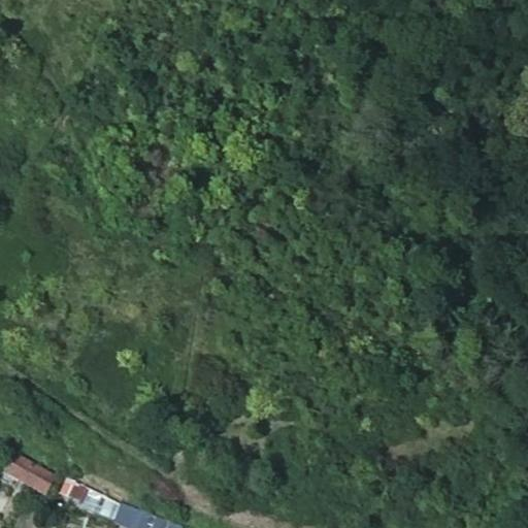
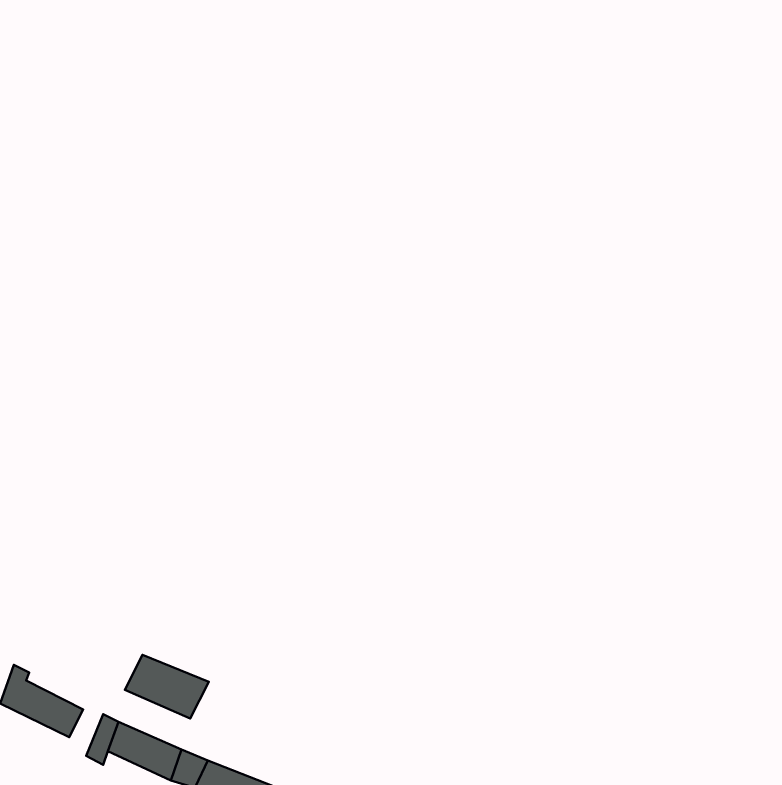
building: none -> [125,655,209,718]

